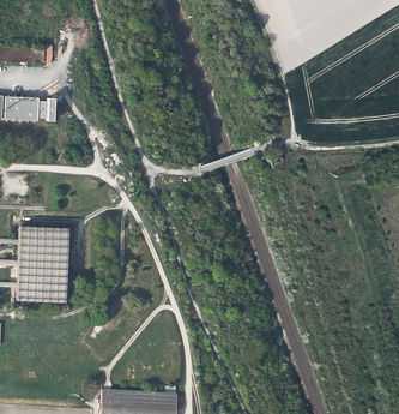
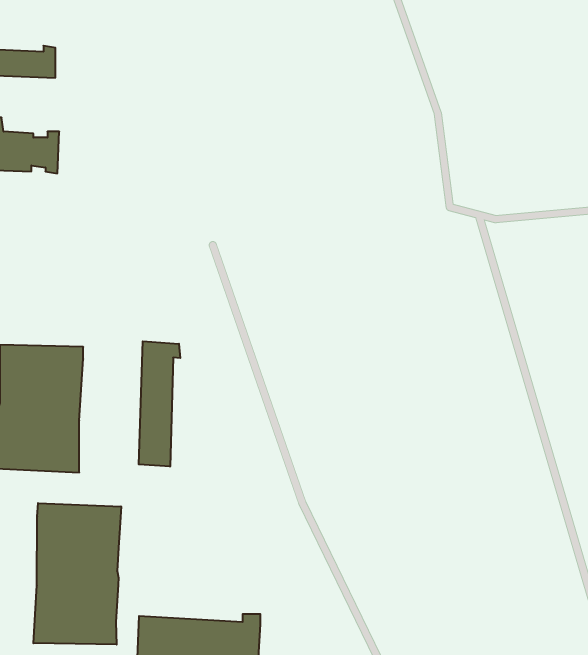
building: none -> [139,341,180,467]
building: none -> [33,503,121,645]

